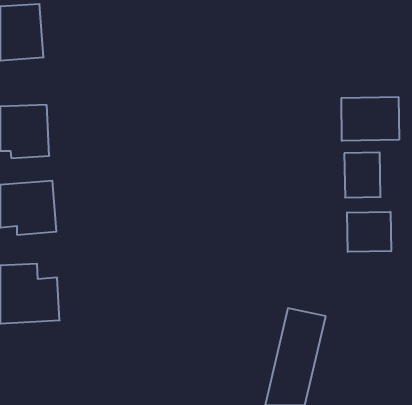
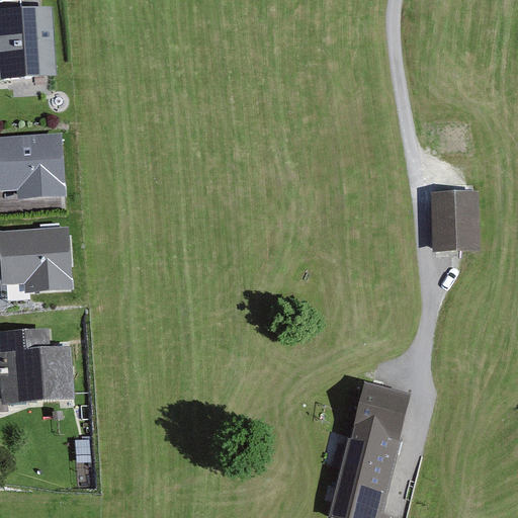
building: [341,97,399,141] -> none
building: [347,212,391,252] -> none

